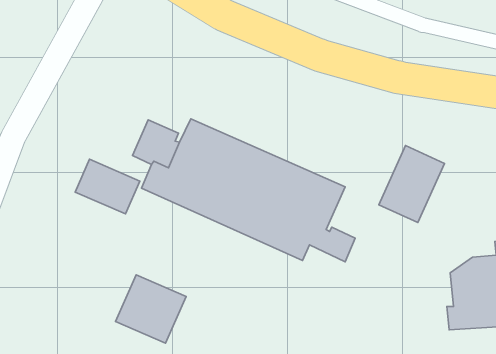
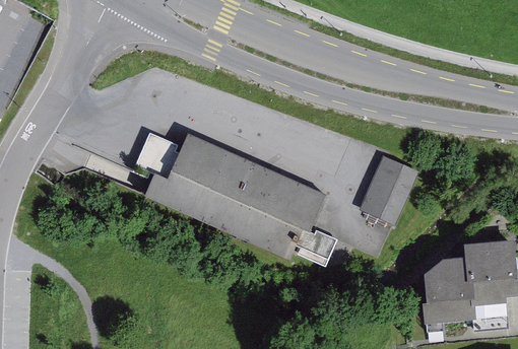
building: [75,159,140,214] -> none
building: [116,275,186,343] -> none

